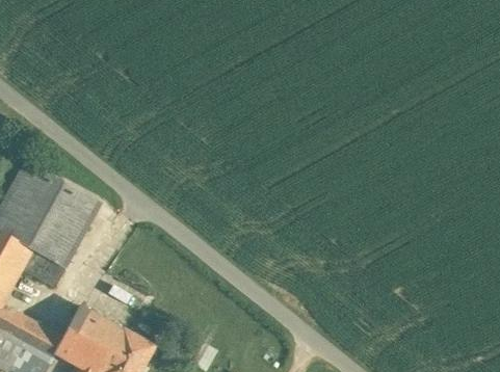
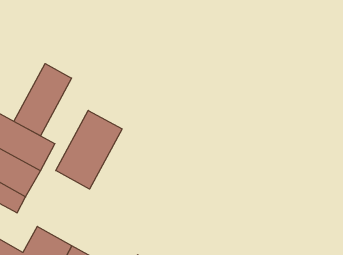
building: none -> [14,64,72,136]
building: none -> [56,110,122,189]

